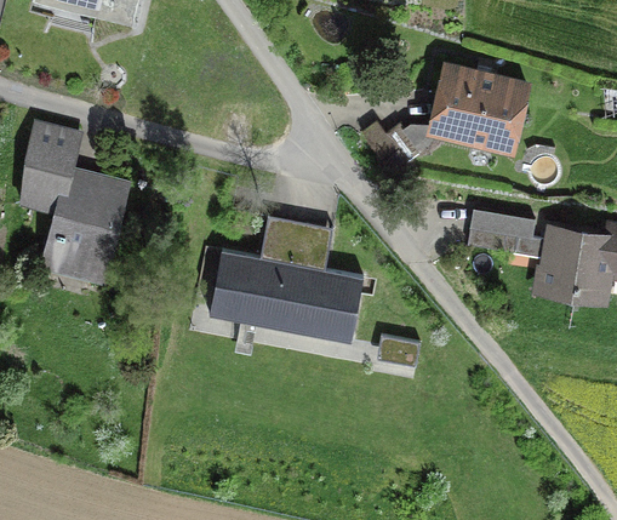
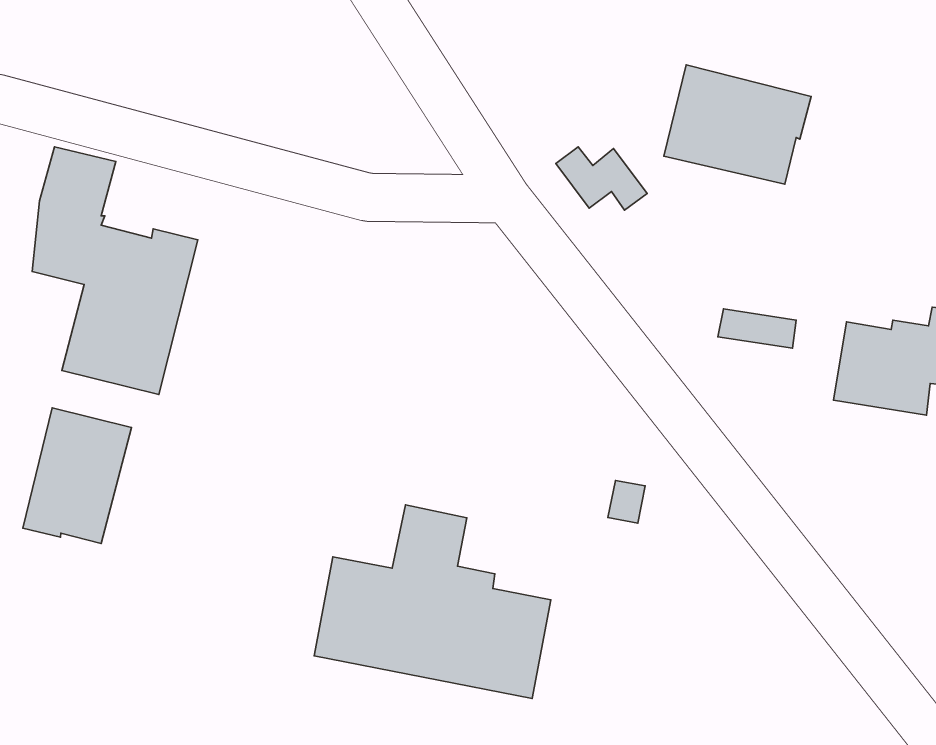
building: [210,215,364,341] -> [314,505,551,699]
building: none -> [23,408,132,543]

